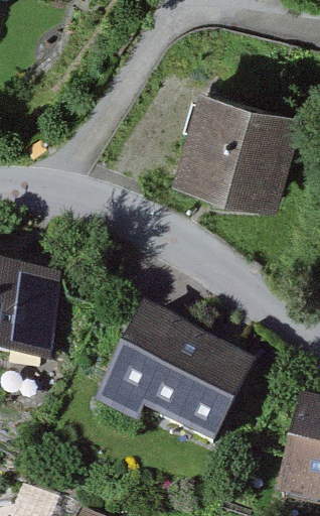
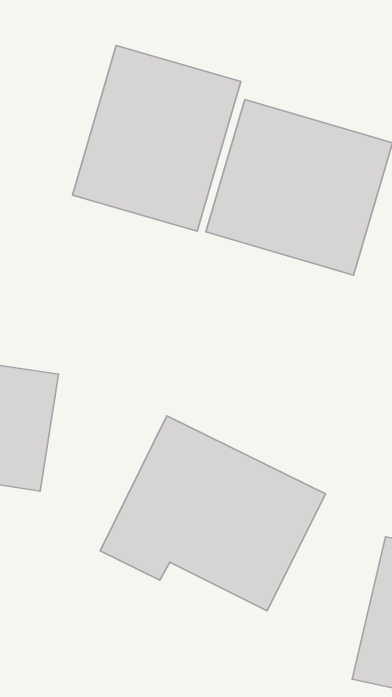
building: none -> [72,46,241,231]

